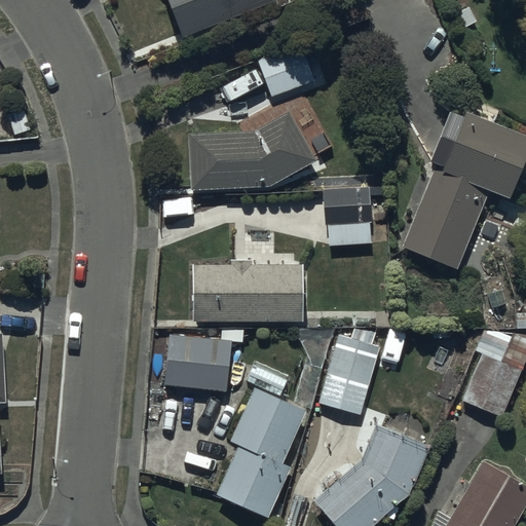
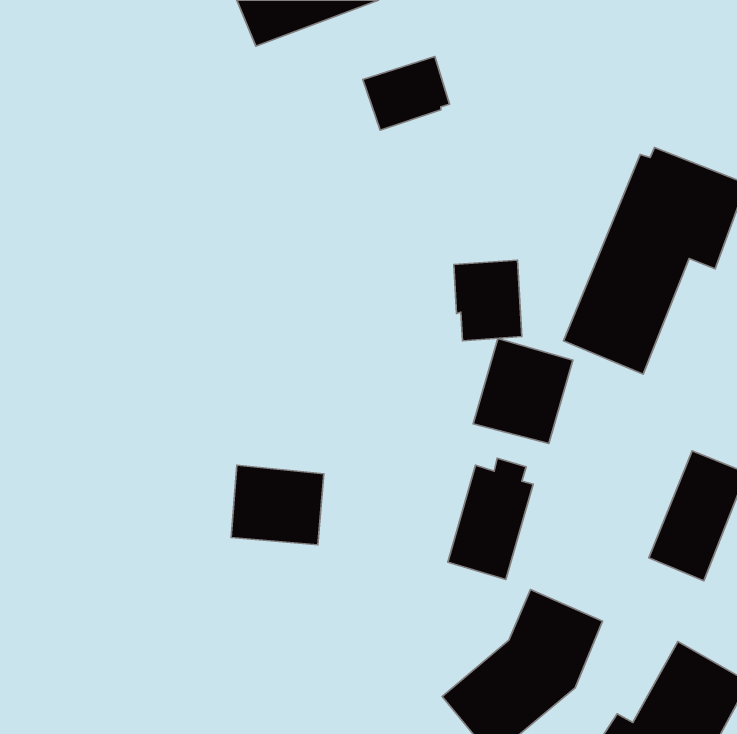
building: [189,111,317,189] -> none
building: none -> [473,339,573,444]
building: [192,257,303,322] -> none
building: [217,386,306,516] -> none

